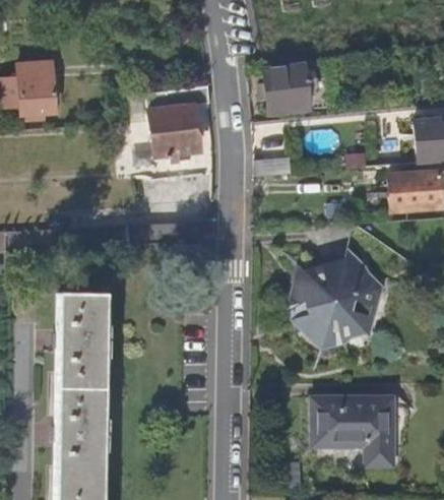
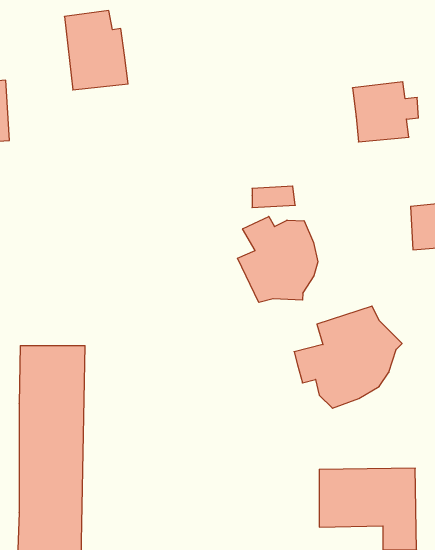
building: [262,63,318,114] -> [352,82,418,142]
building: [140,97,194,164] -> [64,11,128,90]
building: none -> [238,216,318,302]

